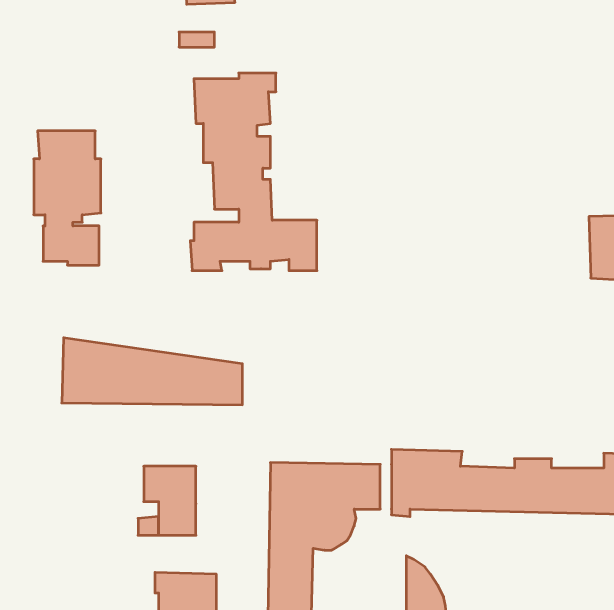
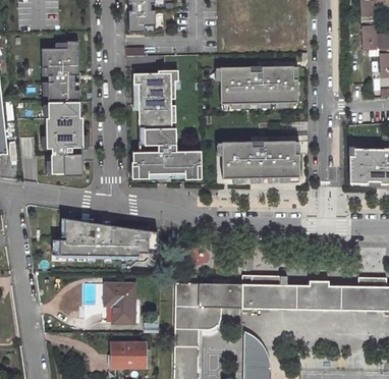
building: none -> [42,41,79,102]
building: none -> [220,66,293,104]
building: none -> [221,142,298,179]

